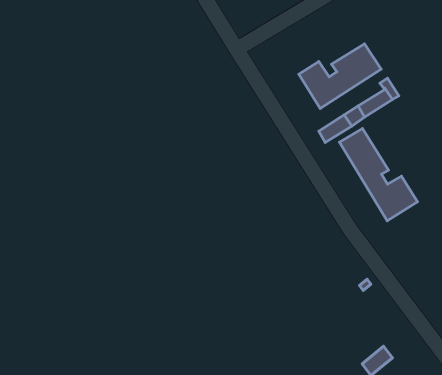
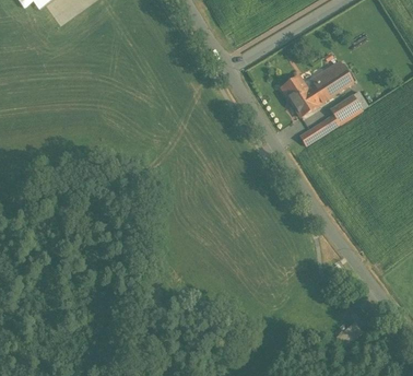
building: [339,129,418,221] -> none

